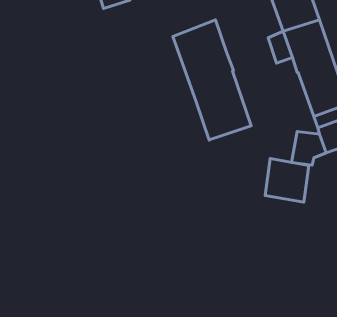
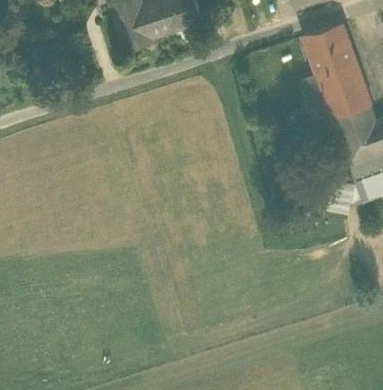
building: [173,20,251,140] -> none
building: [265,159,309,202] -> none

